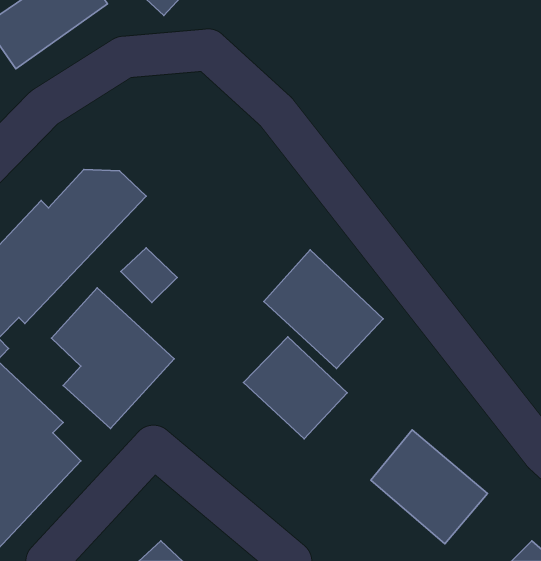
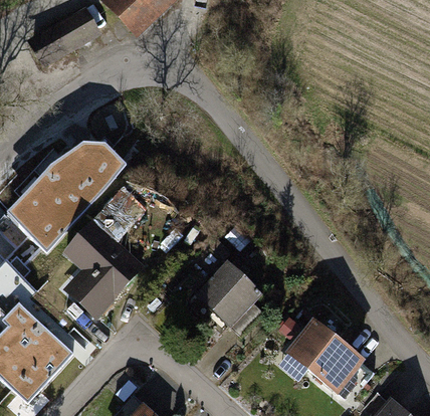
building: [264,250,383,369] -> none

